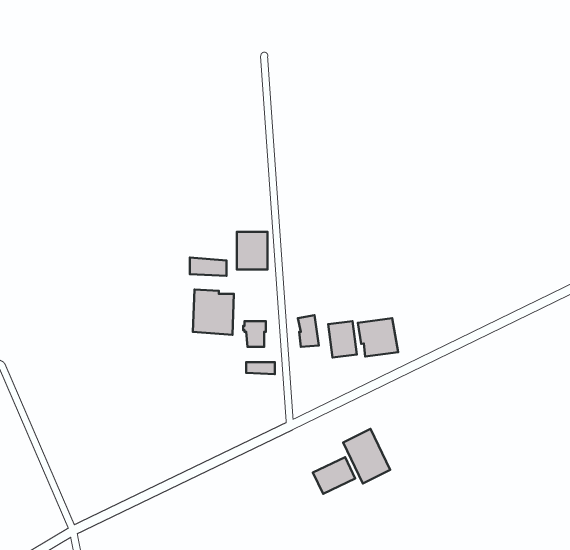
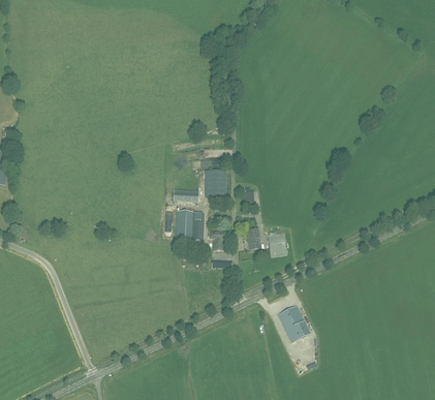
building: [358,318,398,357] -> none
building: [313,457,355,494] -> none

